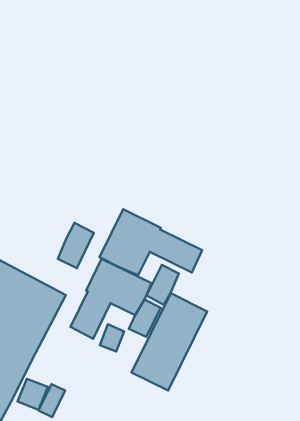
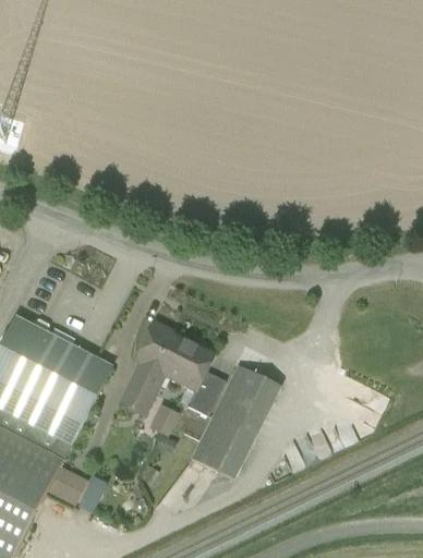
building: [100,209,202,275] -> none
building: [58,223,94,268] -> none
building: [146,265,179,305] -> none

